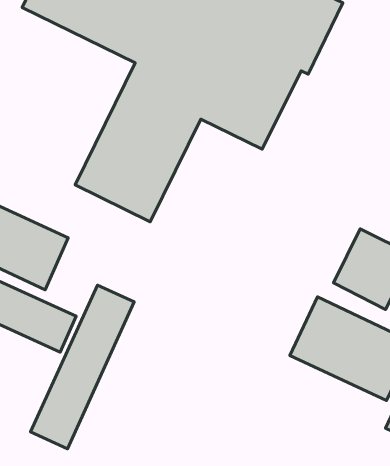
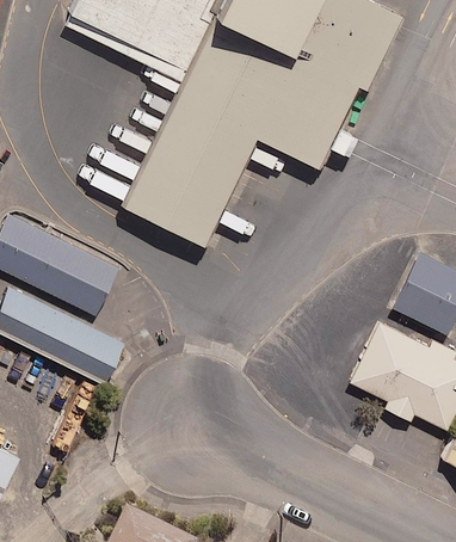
building: [31,285,134,449] -> none

